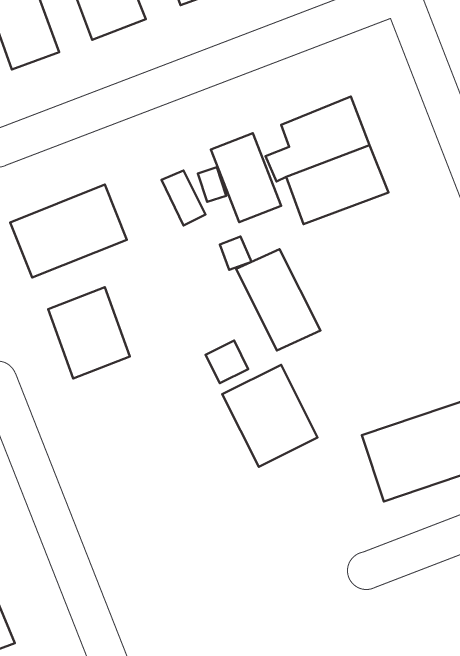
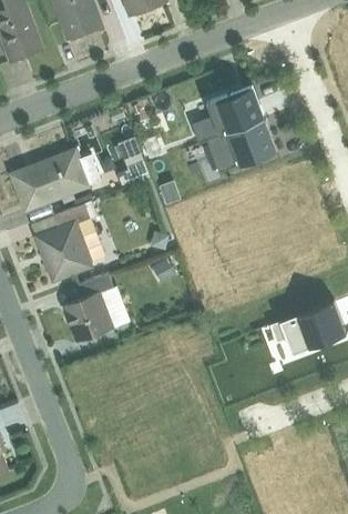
building: [211,133,281,222] -> none
building: [236,249,320,350] -> none
building: [222,365,318,467] -> none
building: none -> [62,289,114,341]

